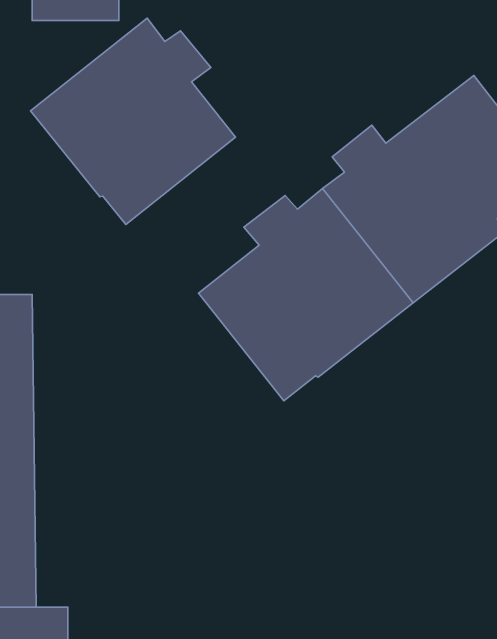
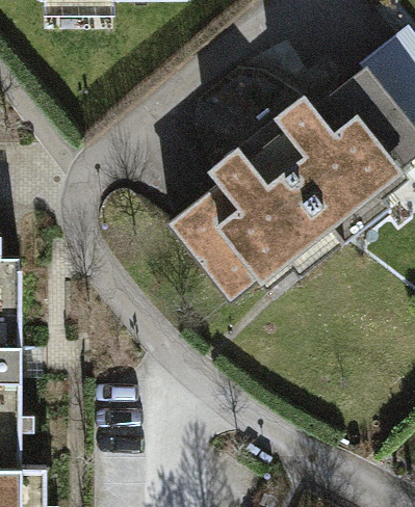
building: [30,18,236,225] -> none

